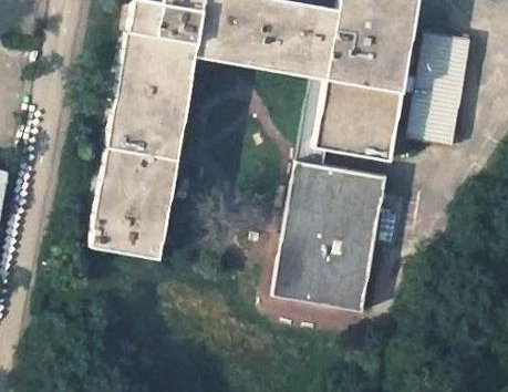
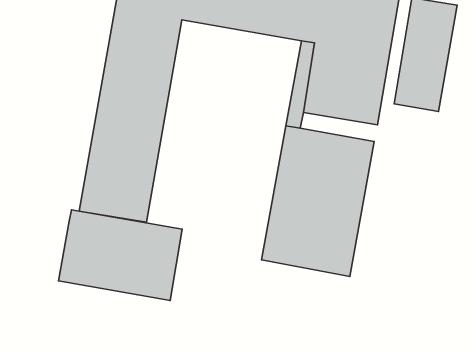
building: none -> [59,210,182,301]

